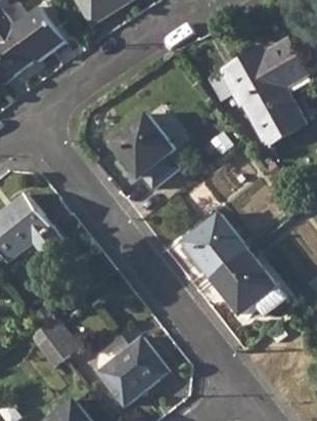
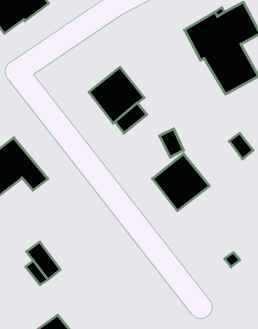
building: [212,251,286,315] -> none
building: [97,336,167,405] -> none

